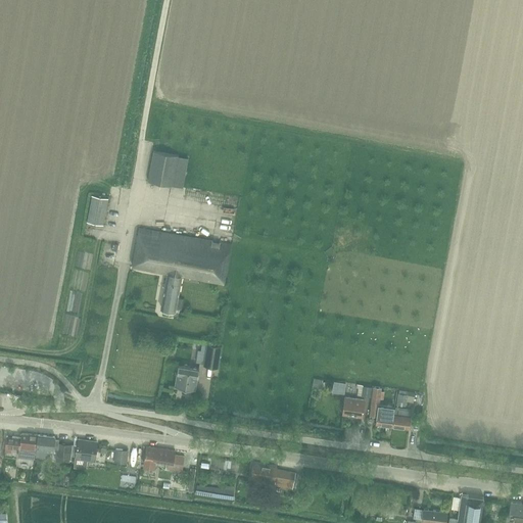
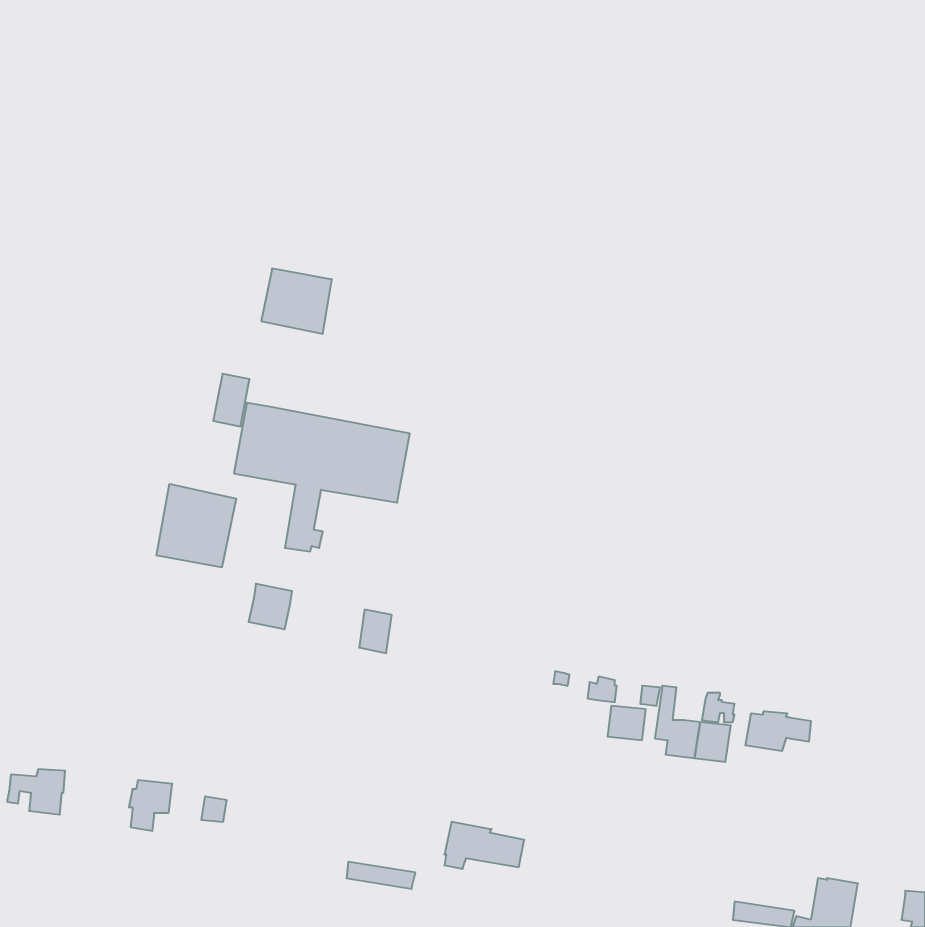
building: [87,195,107,225] -> [213,374,250,426]
building: none -> [156,484,236,567]
building: [174,365,198,390] -> [249,584,292,629]
building: none -> [746,711,811,751]
building: [35,434,75,458] -> none
building: [143,445,184,470] -> none

